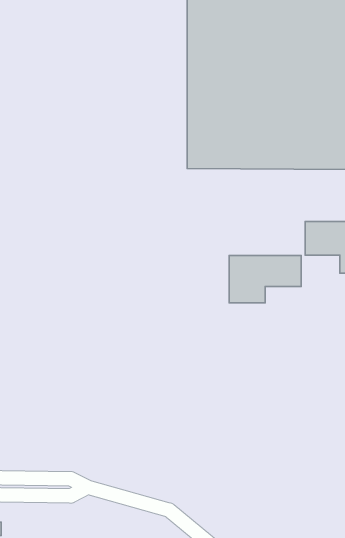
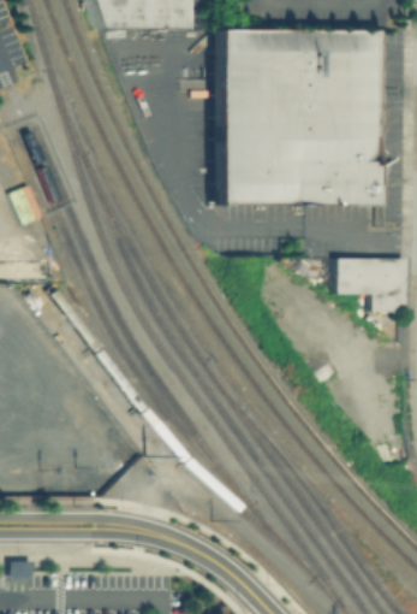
building: [229,255,301,303] -> none

